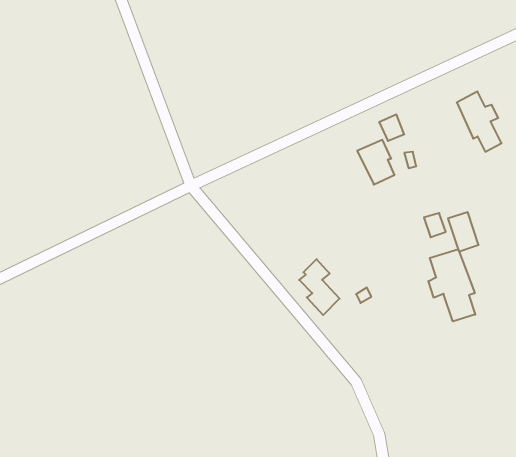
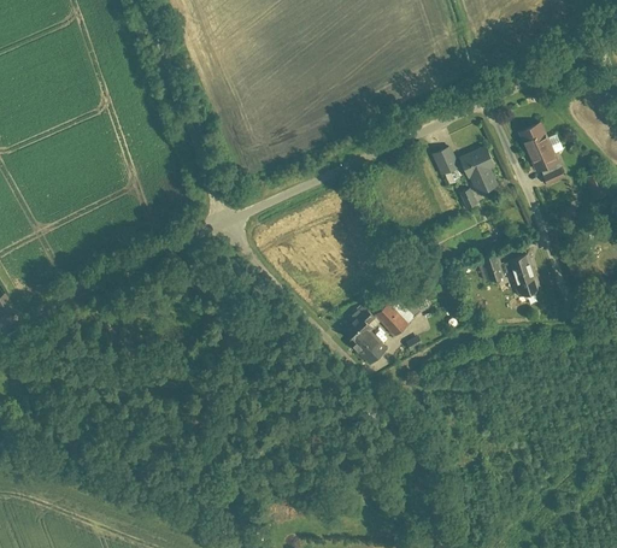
building: [357,140,395,185] -> [458,145,499,194]
building: [428,249,475,321] -> none
building: none -> [374,302,407,336]

